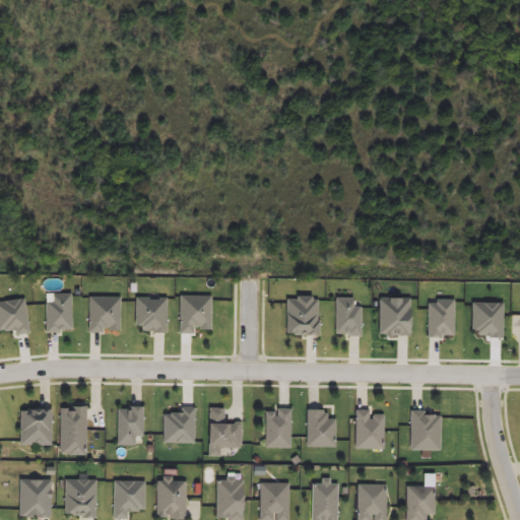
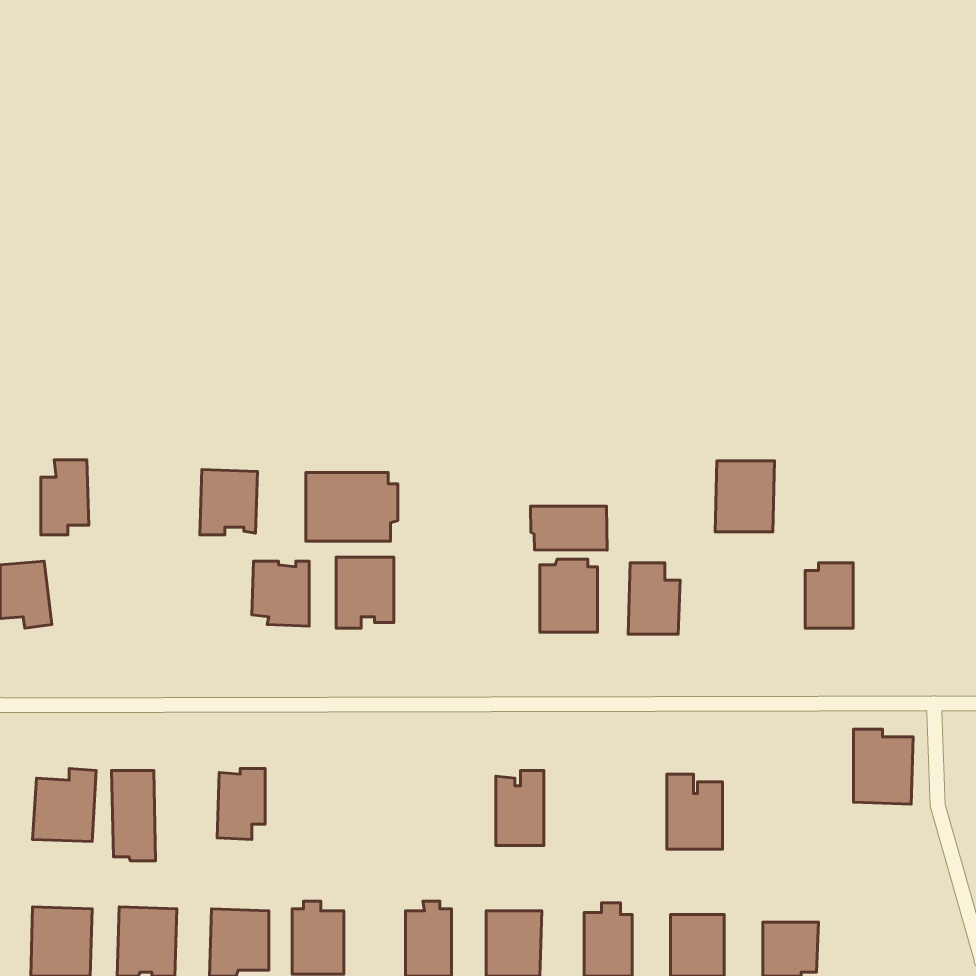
building: none -> [306,472,398,541]
building: none -> [530,506,607,550]
building: [47,292,72,332] -> [41,460,89,535]
building: [89,296,120,330] -> [200,470,257,535]
building: [378,296,409,333] -> [715,461,775,532]
building: [474,304,504,339] -> none
building: [164,406,196,442] -> none
building: [209,406,242,455] -> none
building: [307,408,335,446] -> none
building: [410,410,442,450] -> [854,729,913,804]

